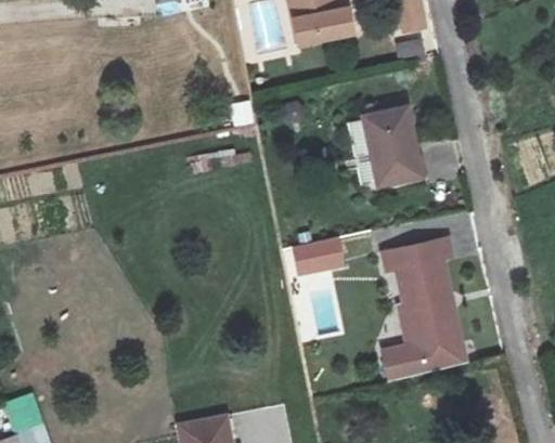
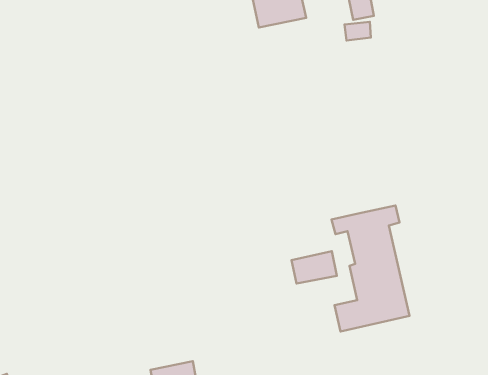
building: [365,108,425,188] -> none
building: [292,238,341,274] -> [291,251,337,284]

